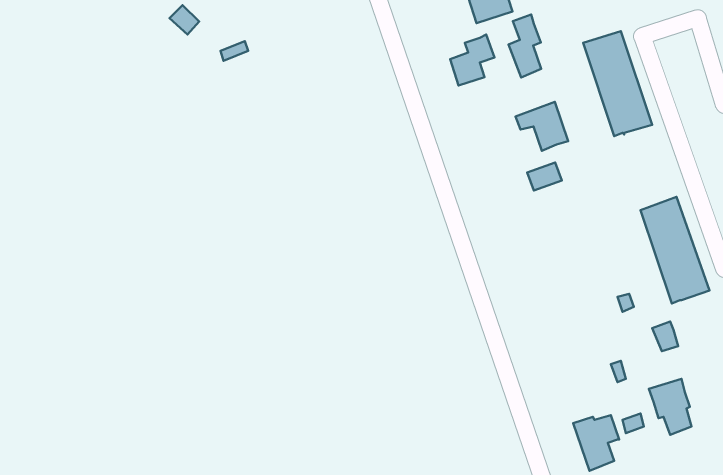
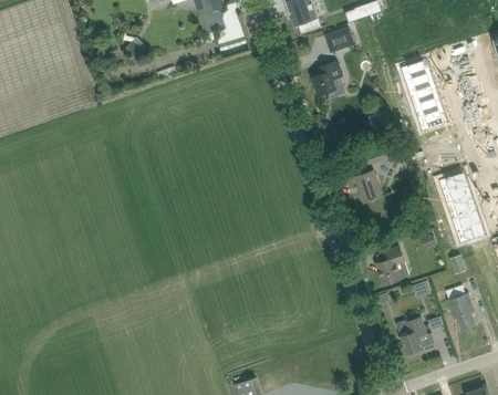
building: [508,15,541,78] -> none
building: [516,102,568,151] -> [346,169,382,202]
building: none -> [375,247,409,285]

